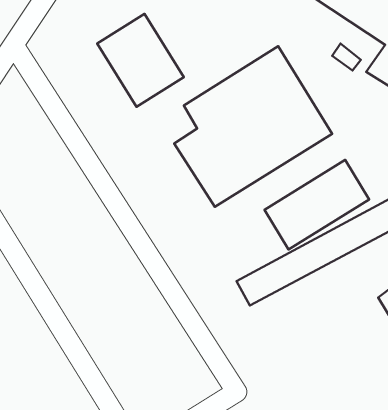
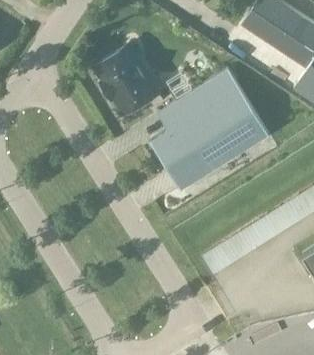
building: [265,160,369,250] -> none

